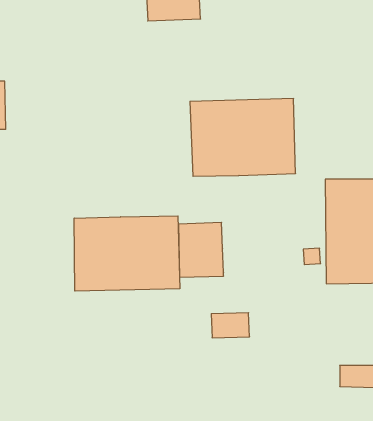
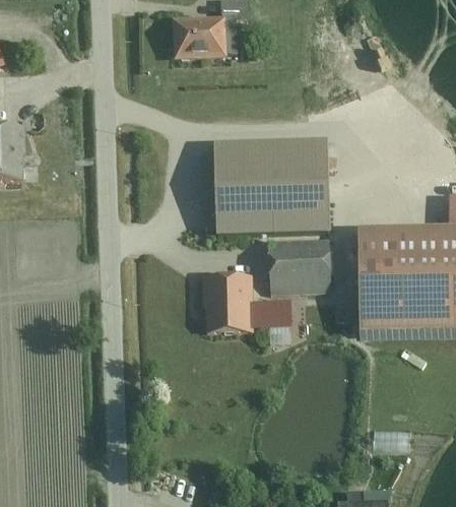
building: none -> [268,221,330,293]
building: [74,216,180,291] -> none
building: [211,313,250,338] -> [251,300,291,326]

